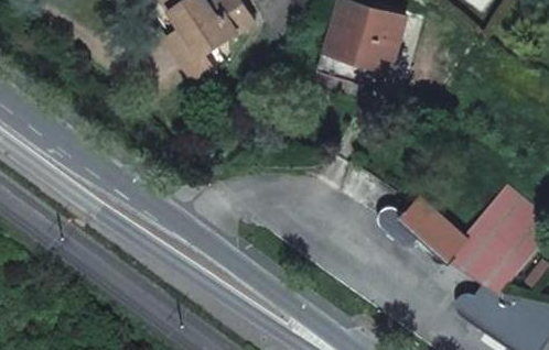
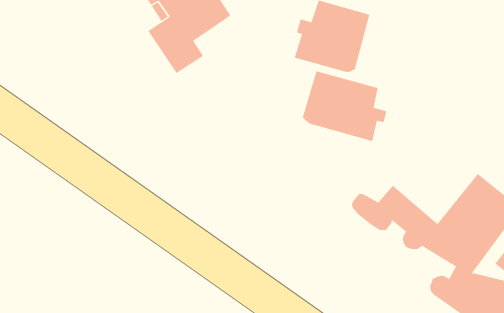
building: none -> [302,71,387,142]

